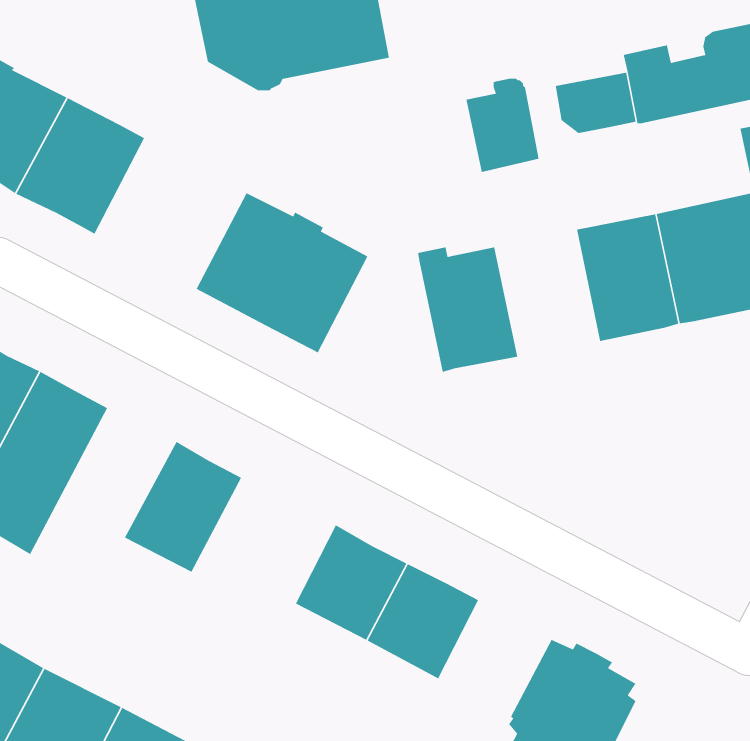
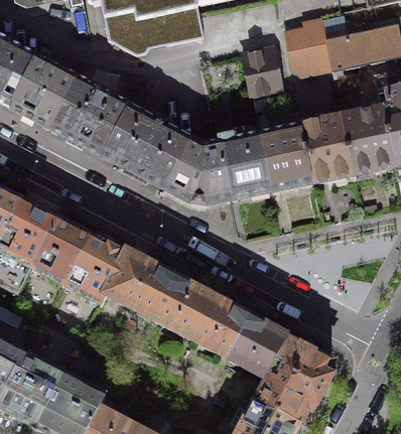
building: none -> [285,17,326,49]
building: none -> [50,77,129,155]
building: none -> [258,124,312,190]
building: none -> [166,138,231,203]
building: none -> [17,216,93,293]
building: none -> [101,253,175,318]
building: none -> [229,316,287,377]

